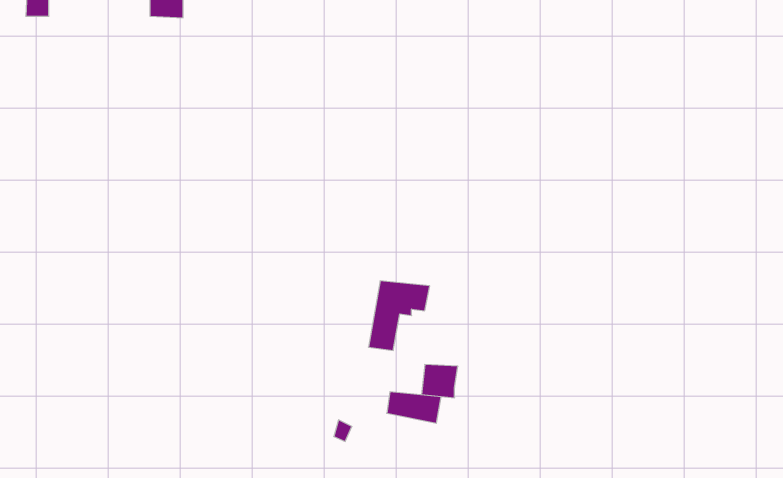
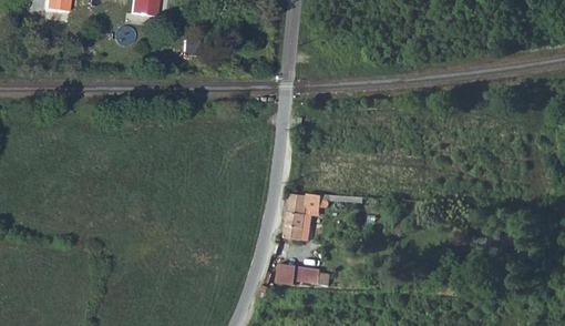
building: [421,365,458,398] -> [275,265,299,287]

